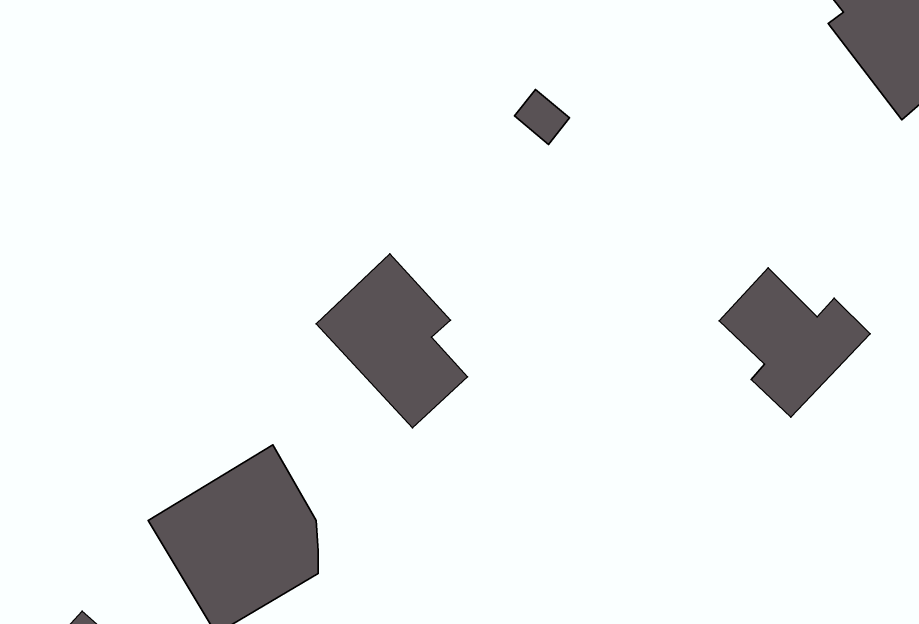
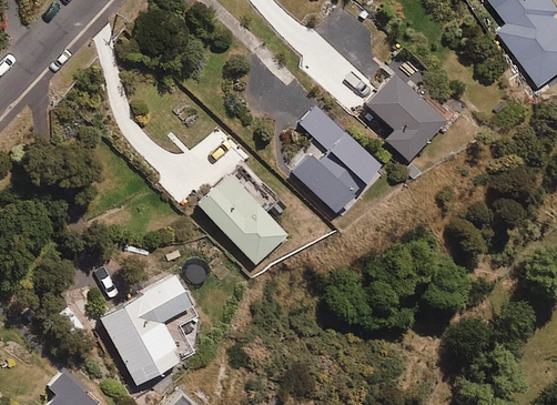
building: none -> [292,107,381,213]
building: [719,268,870,417] -> [365,73,454,161]

